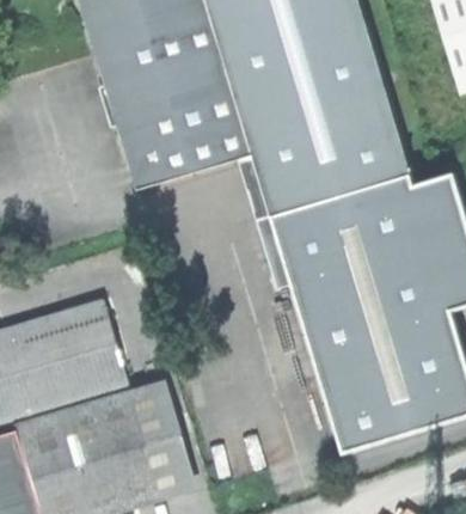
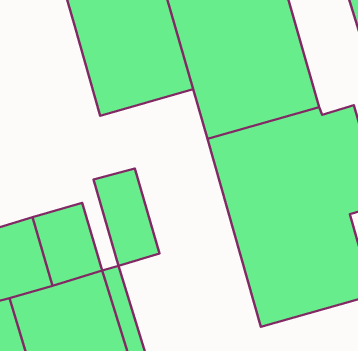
building: none -> [93,168,160,266]

